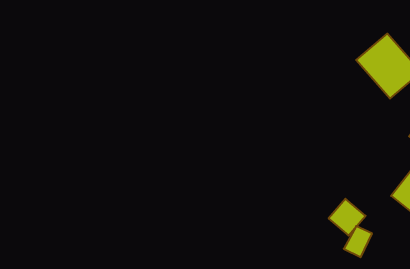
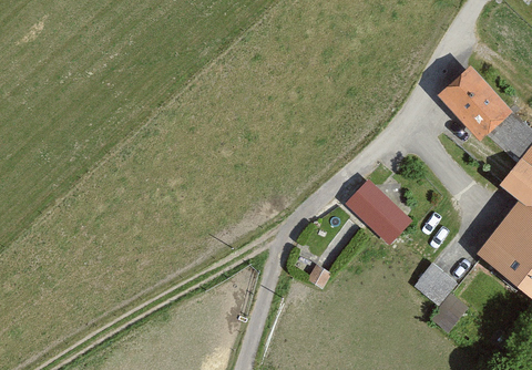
building: none -> [344,185,410,249]

